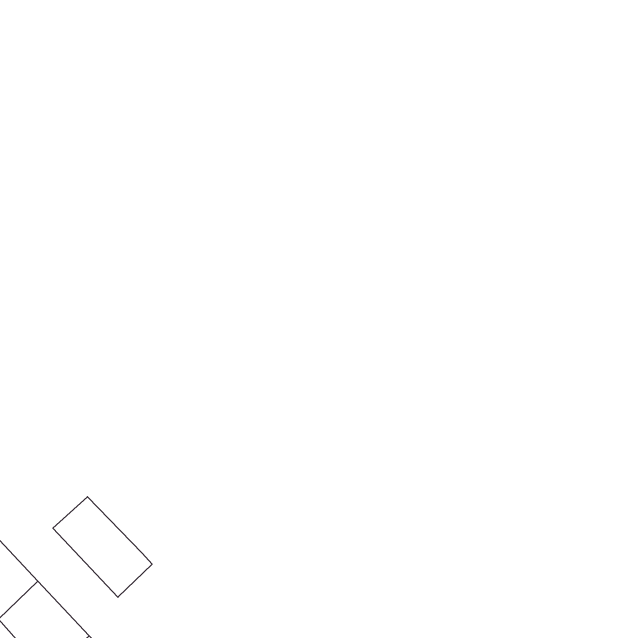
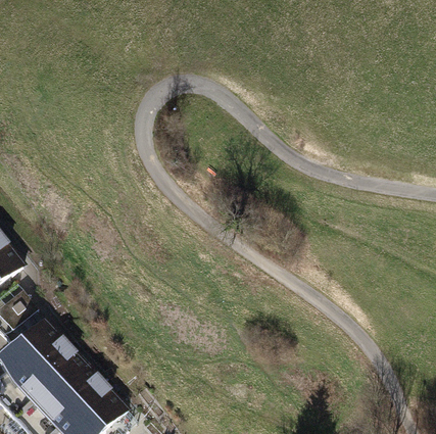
building: [53,497,152,597] -> none

